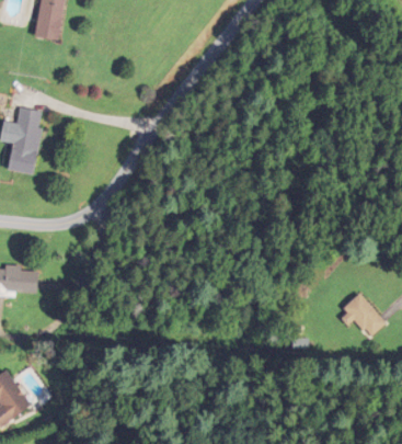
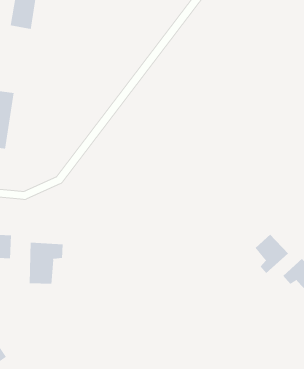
building: none -> [255,234,289,274]
building: none -> [29,242,63,285]

